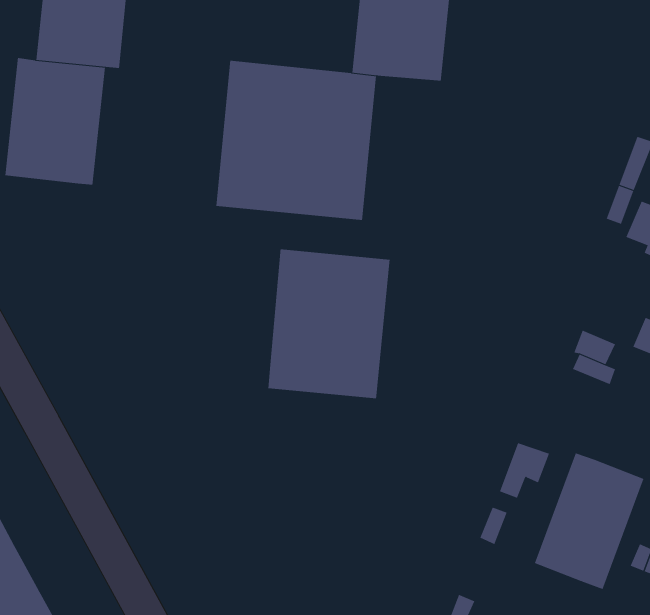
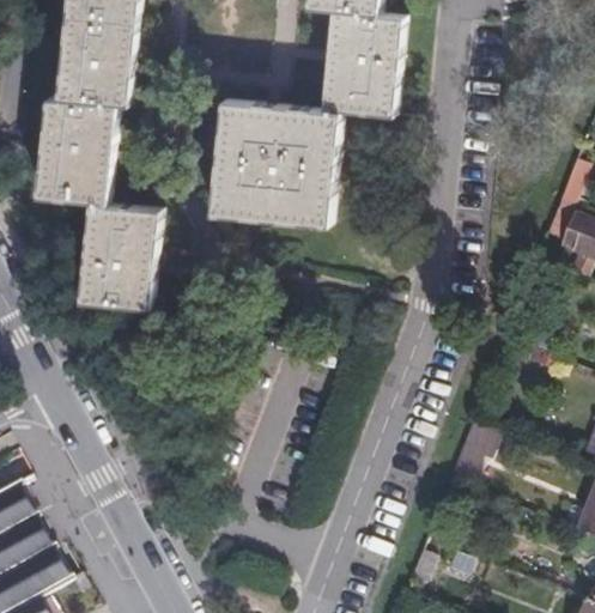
building: none -> [80,201,159,308]
building: [268,249,390,399] -> none
building: [534,452,644,590] -> none

